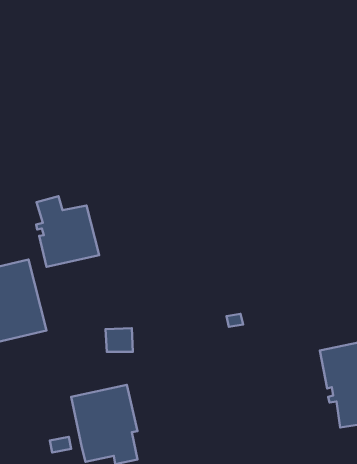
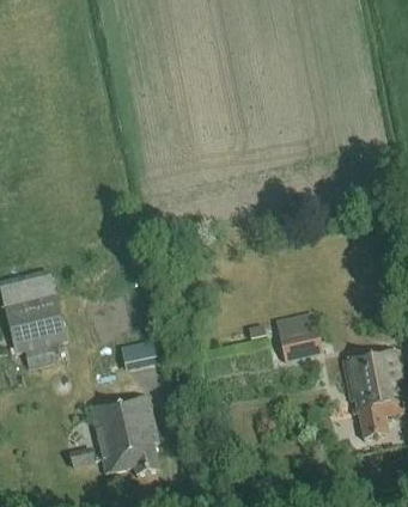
building: [36,196,99,267] -> none
building: none -> [274,311,323,361]

